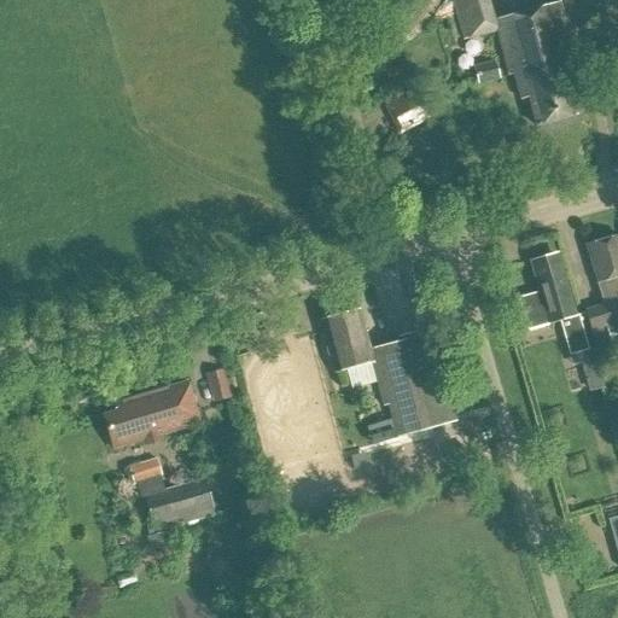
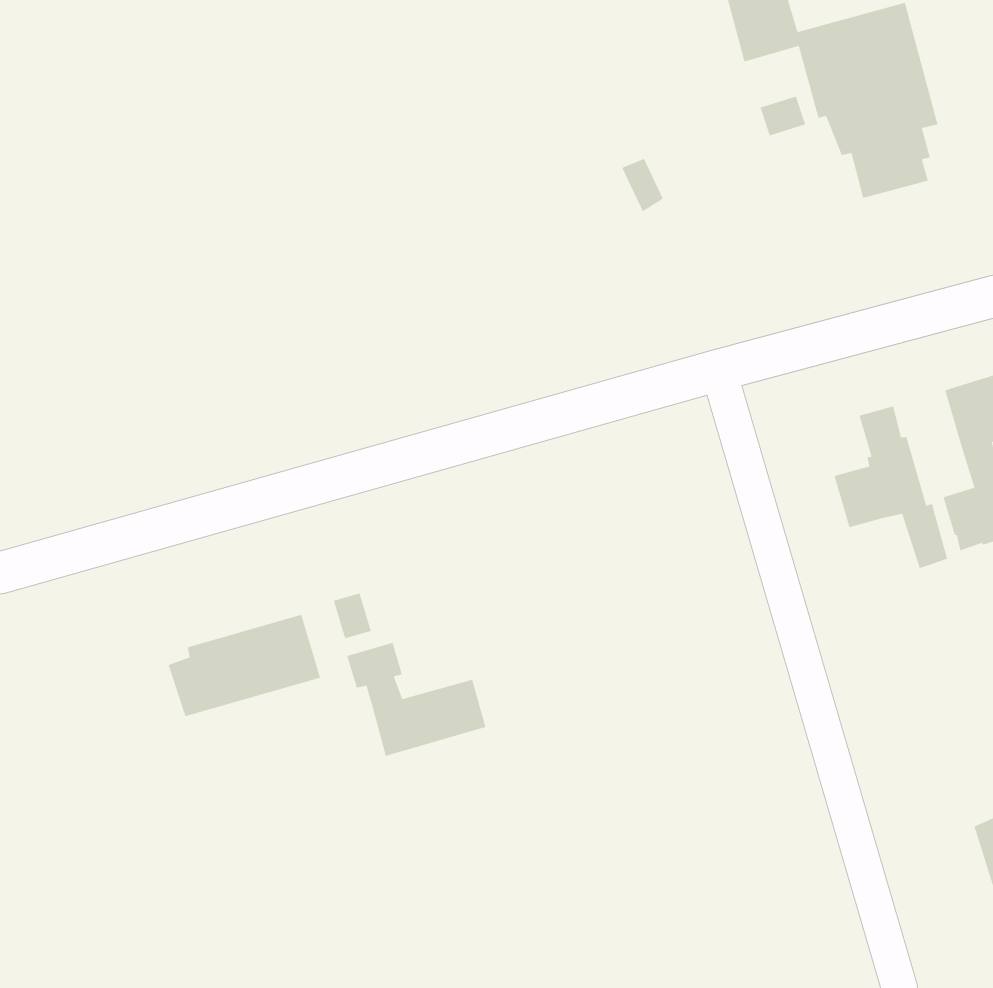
building: [322,308,456,435] -> none
building: [129,451,216,523] -> [346,642,487,757]

